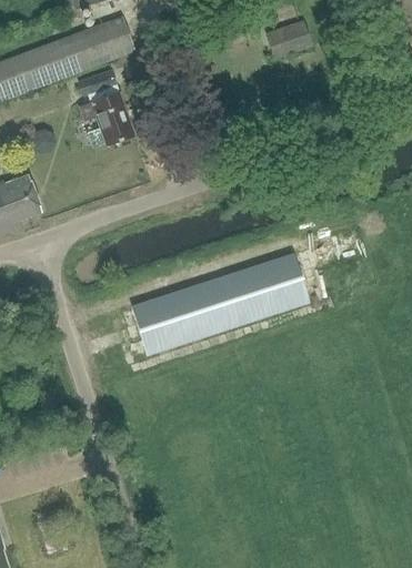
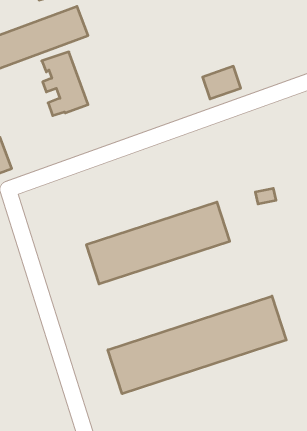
building: [265,21,312,61] -> [203,66,241,99]
building: none -> [108,296,286,394]

